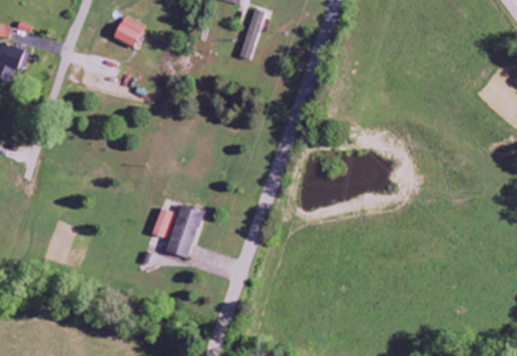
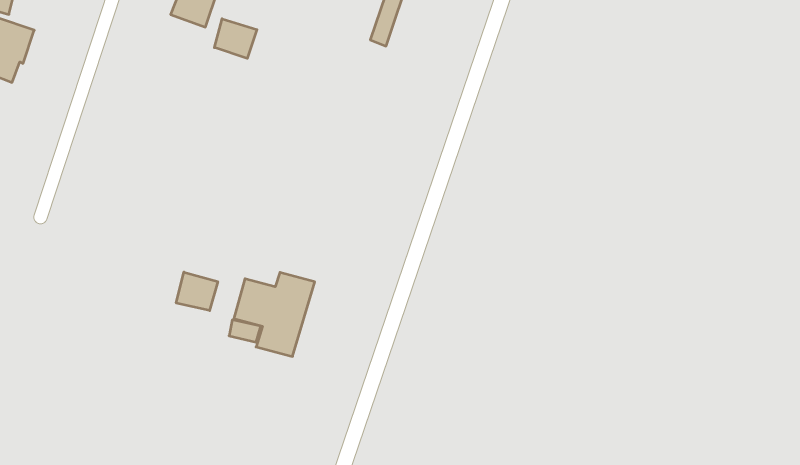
building: none -> [214,19,257,58]
building: none -> [176,272,218,311]

